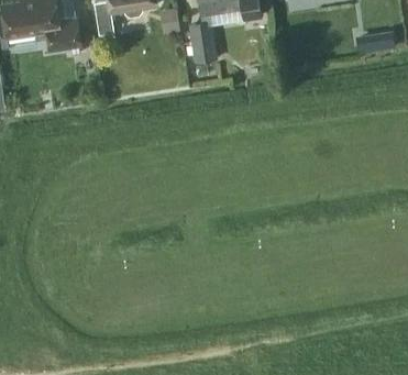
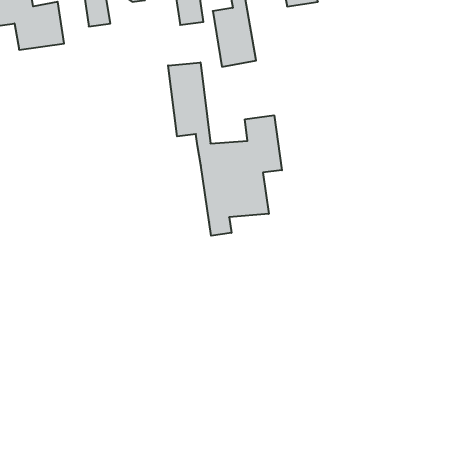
building: none -> [168,62,282,236]

